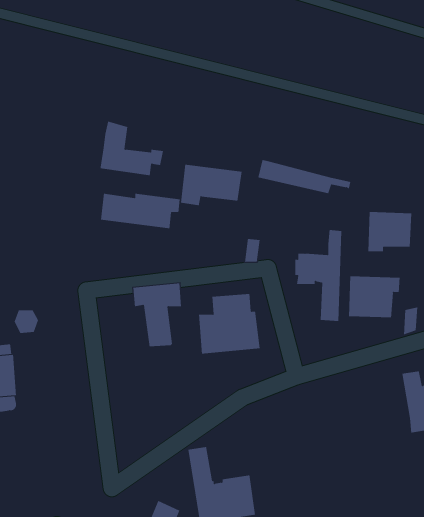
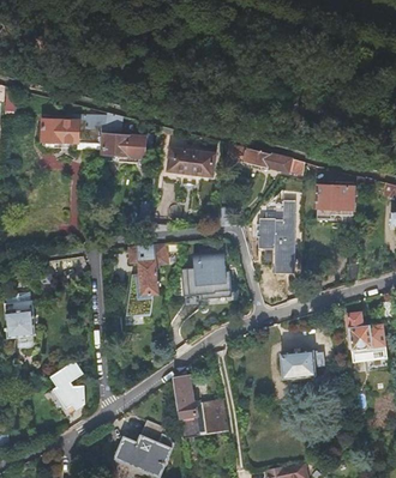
building: [100,193,181,229] -> [40,119,104,147]
building: [349,276,400,318] -> none
building: none -> [278,347,332,377]
building: none -> [49,362,84,417]

